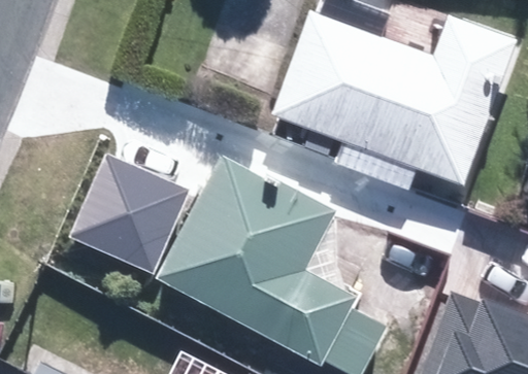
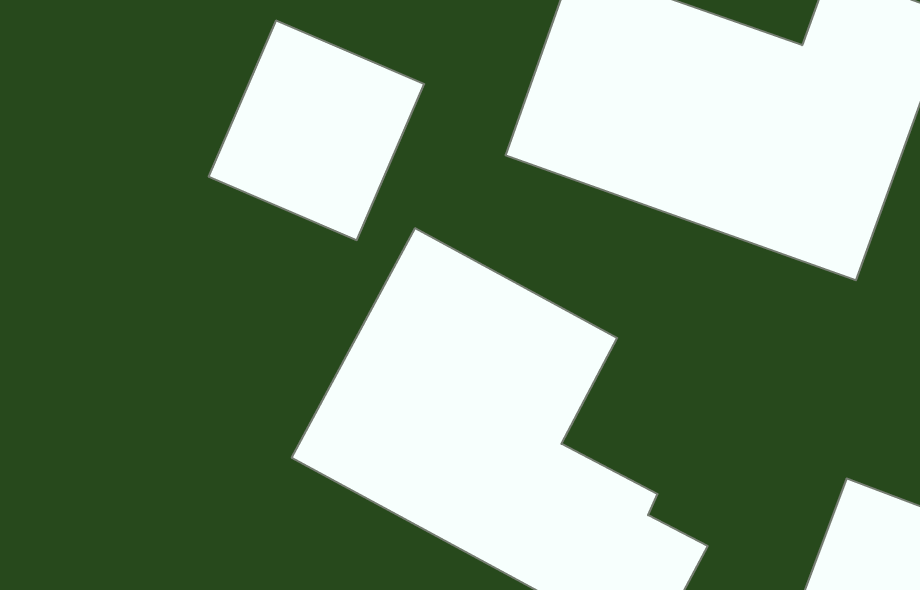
building: [71,156,187,273] -> [209,21,424,240]

